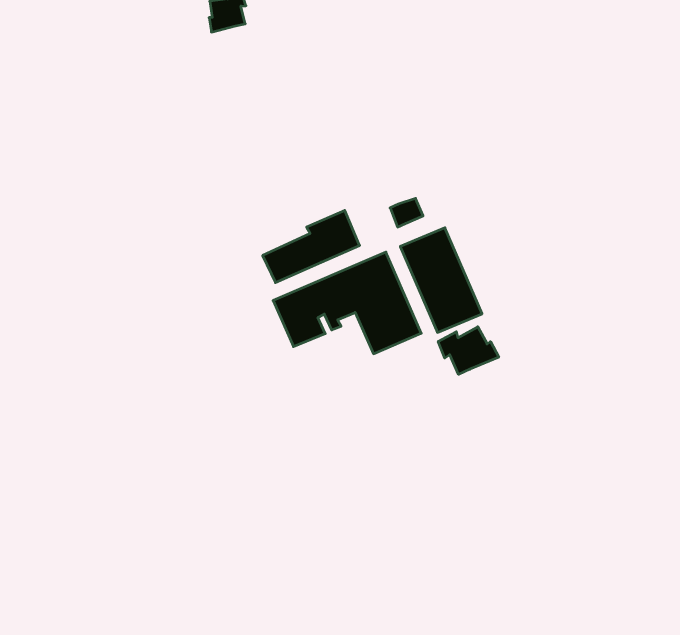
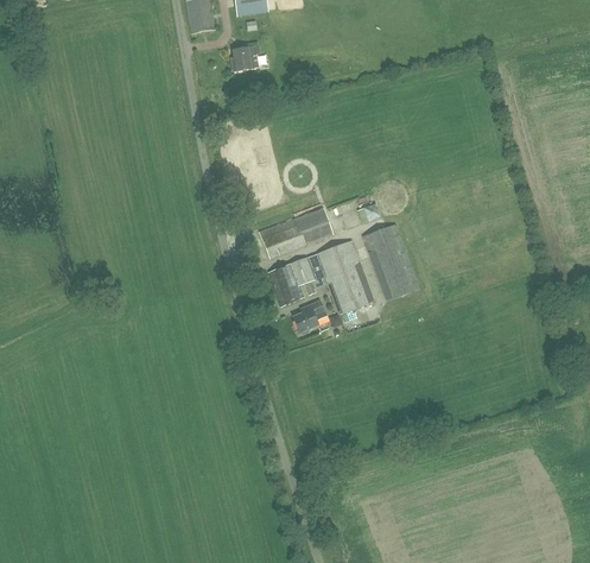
building: [438,327,499,374] -> none
building: none -> [293,299,325,333]

